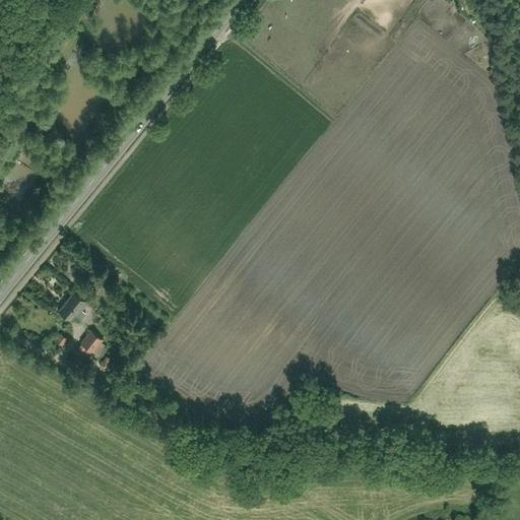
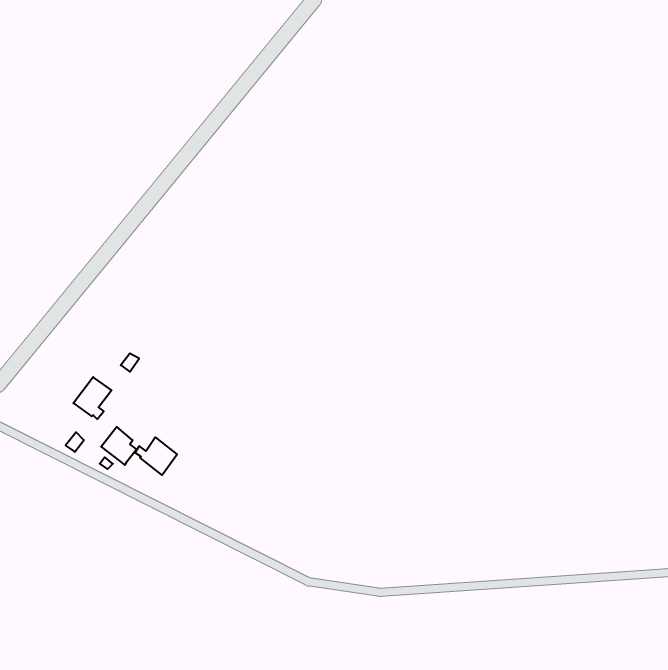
building: none -> [135,437,177,475]

